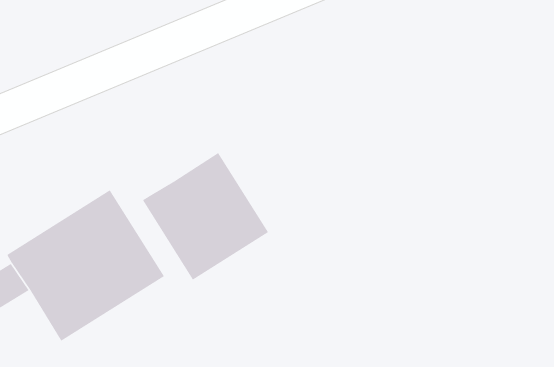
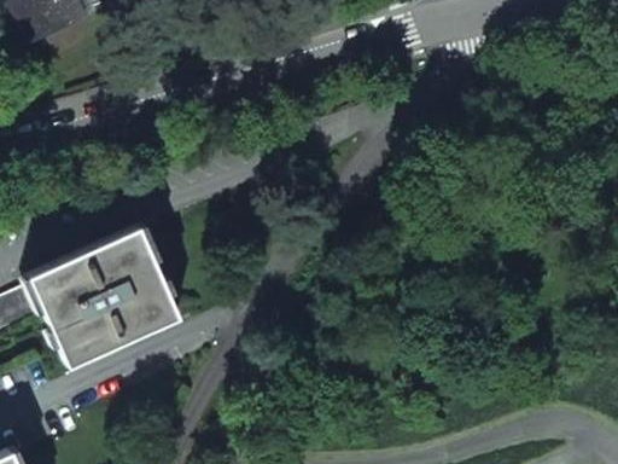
building: [142,152,269,280] -> none

